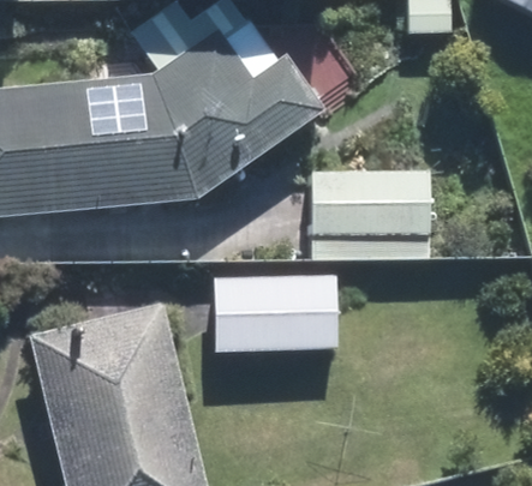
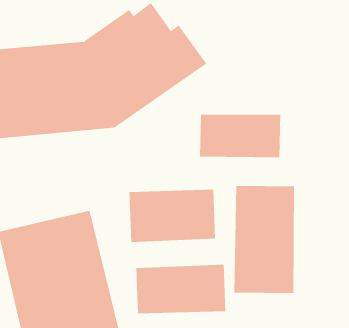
building: none -> [234,185,295,294]
building: none -> [136,264,226,314]

